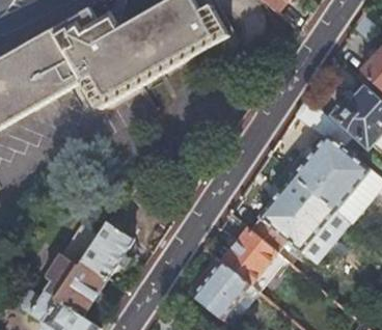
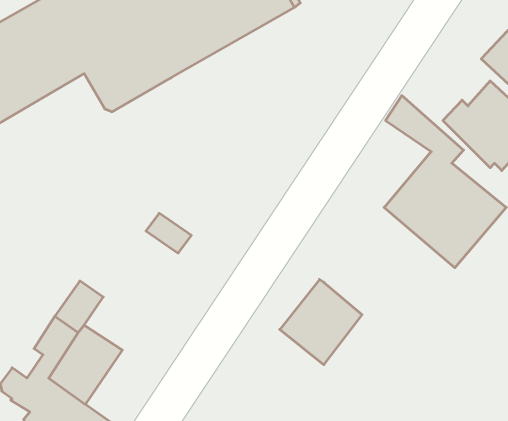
building: [249,176,342,271] -> none
building: [80,221,132,277] -> none
building: [188,258,249,321] -> none

